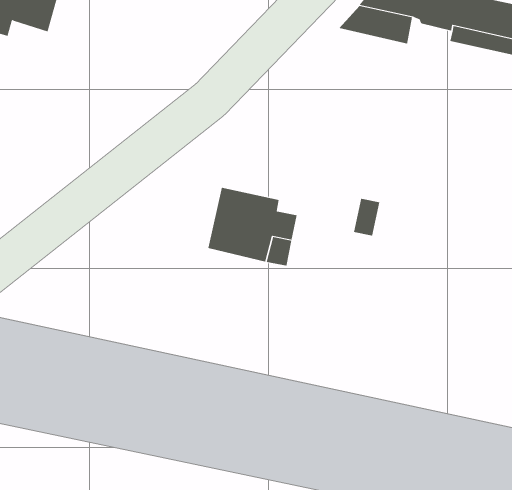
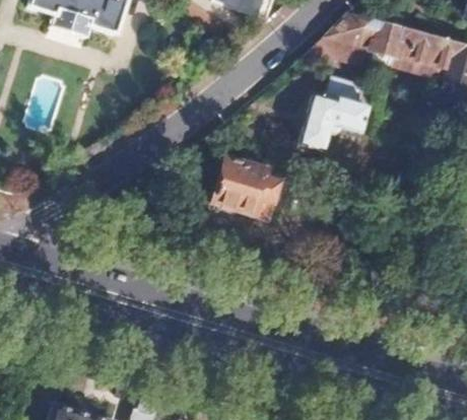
building: none -> [302,75,371,151]

